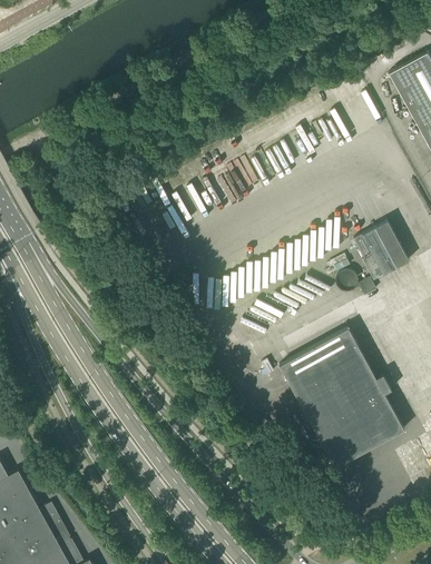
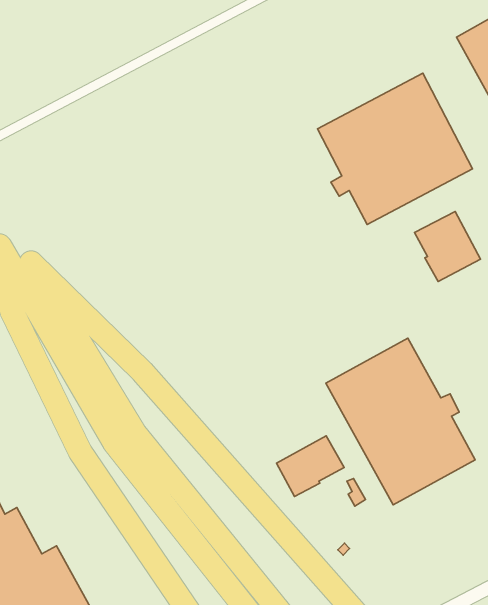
building: none -> [318,73,473,225]
building: none -> [277,436,344,496]

